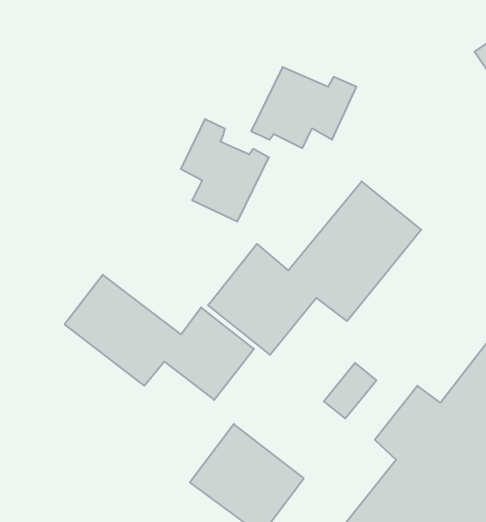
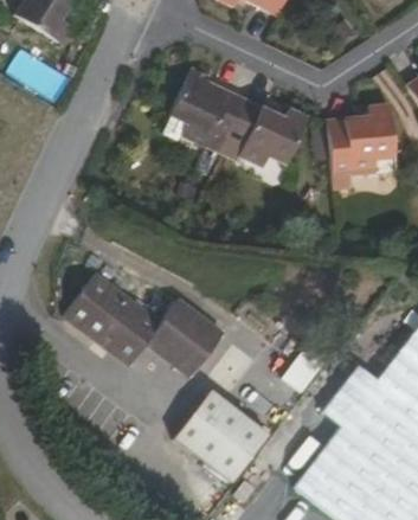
building: none -> [326,105,394,179]
building: [181,119,269,221] -> [173,68,246,153]
building: [208,181,421,355] -> none

